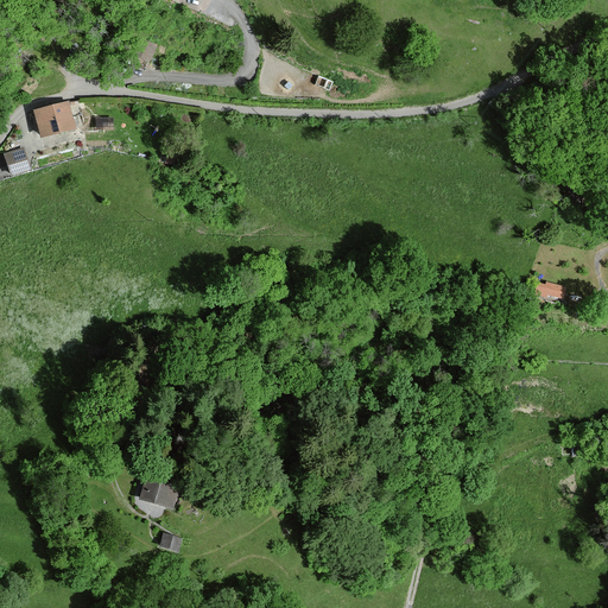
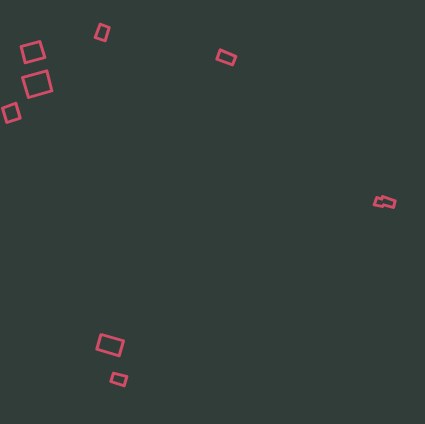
building: none -> [21,41,45,63]

